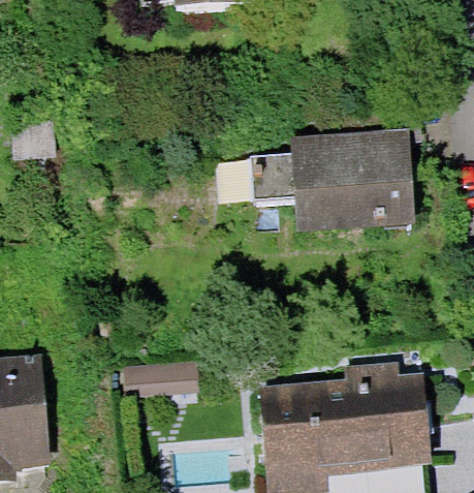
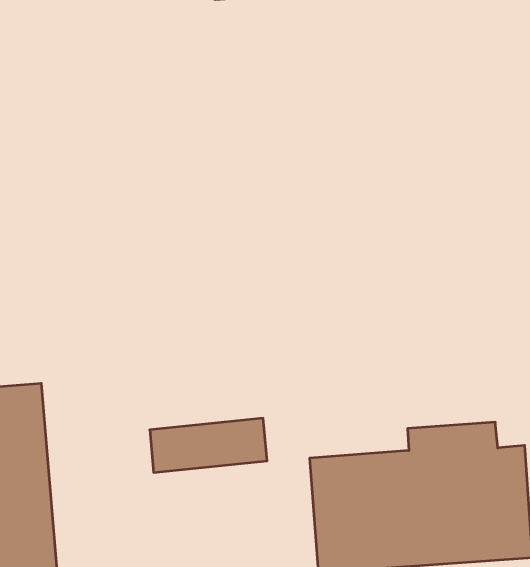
building: [245,126,423,237] -> none

